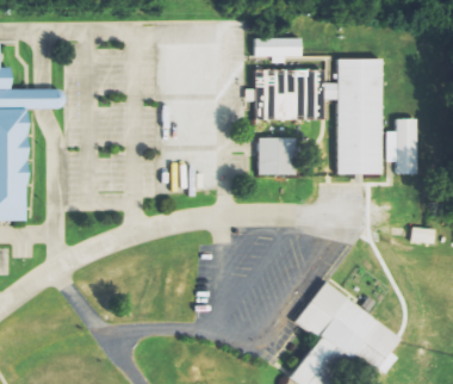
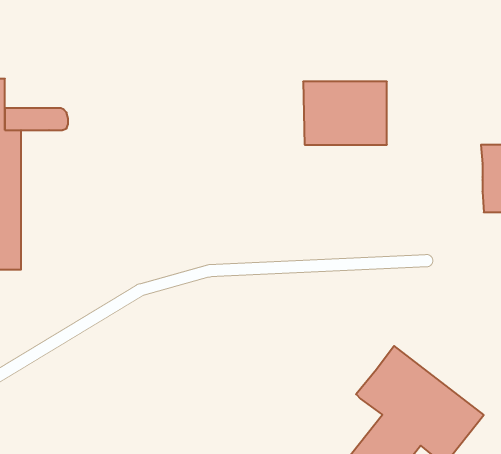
building: [257,38,304,56] -> none
building: [337,58,383,175] -> none
building: [261,136,298,176] -> none

